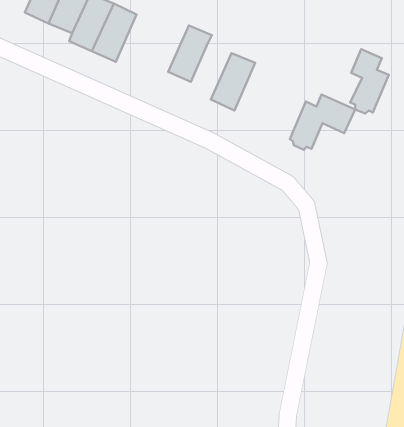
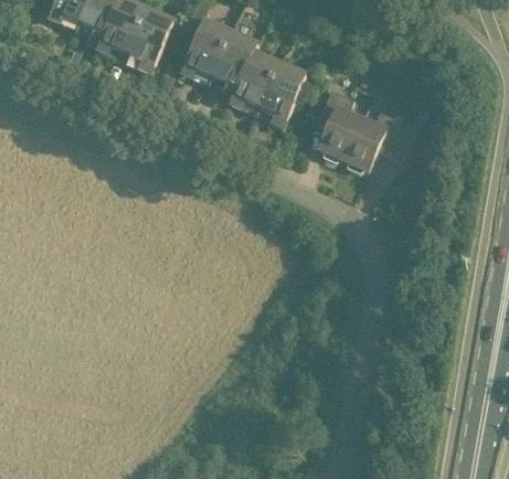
building: none -> [181,18,232,82]
building: none -> [230,50,279,113]
building: [350,49,389,113] -> [319,86,362,158]

